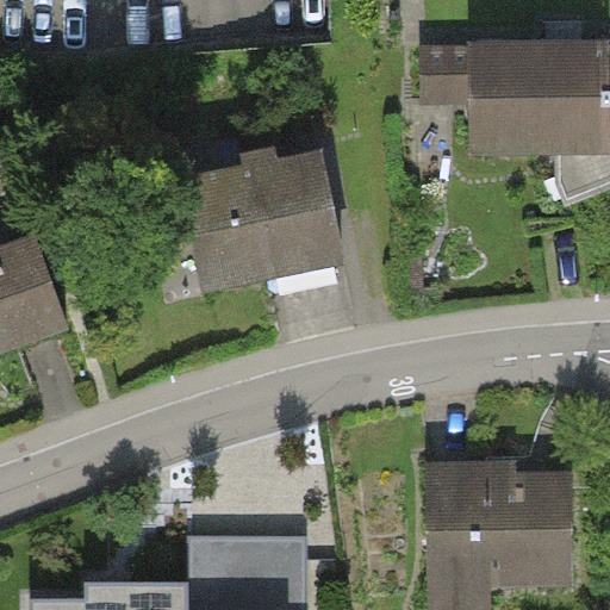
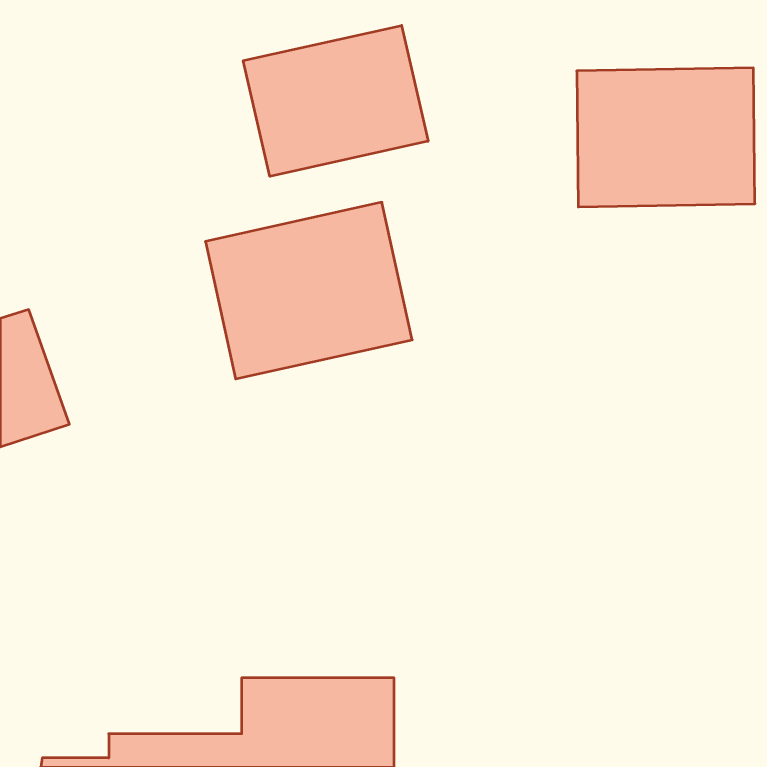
building: none -> [243,25,428,176]
building: [436,468,575,580] -> none

